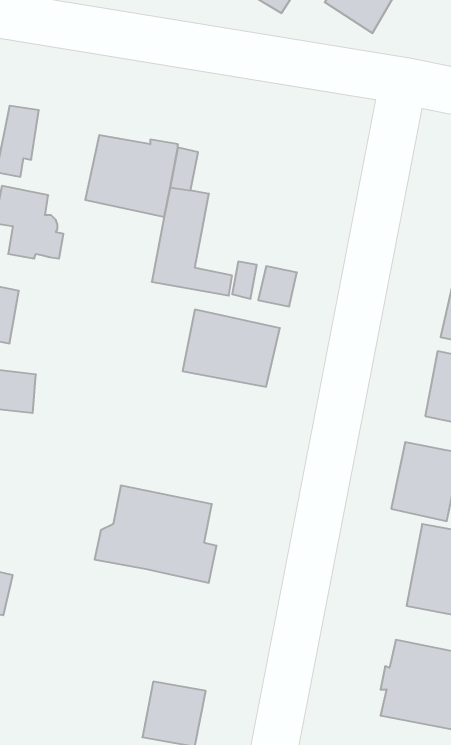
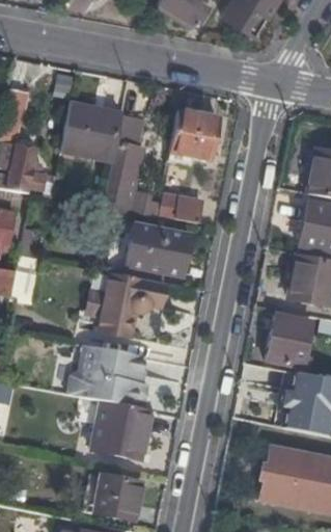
building: none -> [167,110,218,165]
building: none -> [98,273,170,338]
building: none -> [90,399,149,459]

